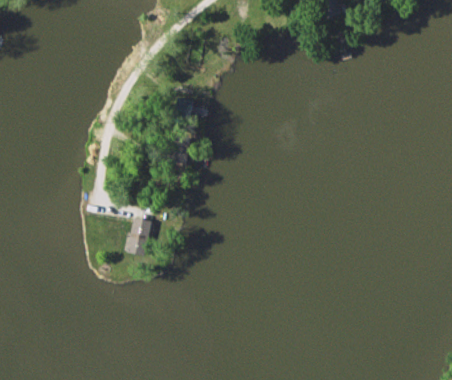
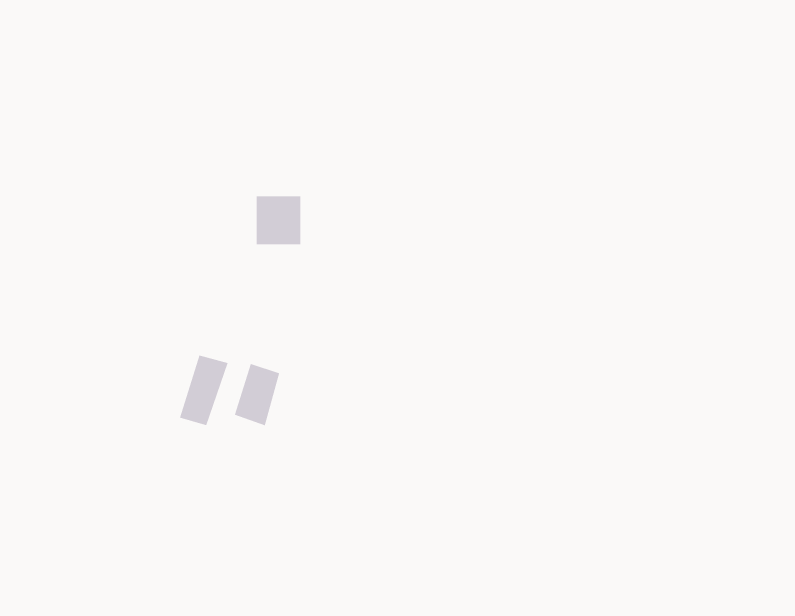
building: none -> [234,363,280,426]

